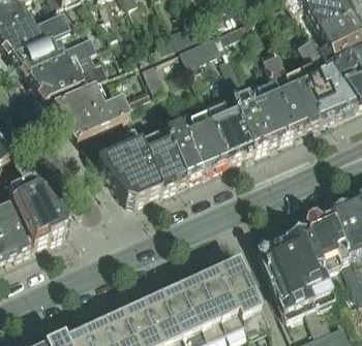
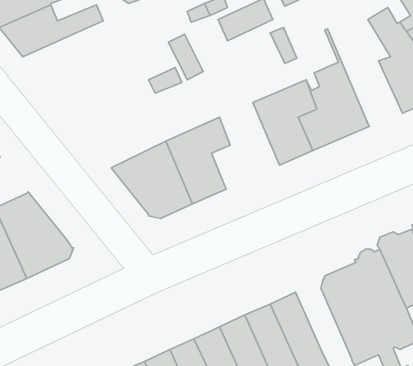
building: [265,48,323,128] -> none
building: [29,51,109,97] -> none
building: [51,84,129,136] -> none
building: [175,109,228,177] -> none

